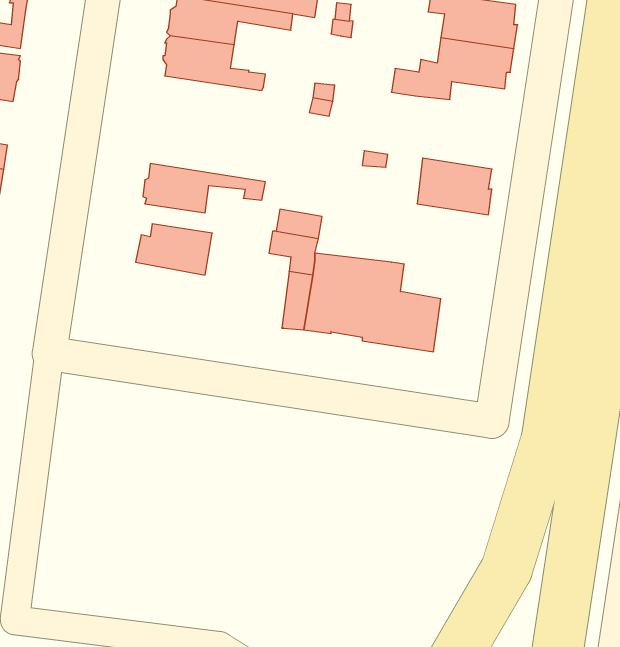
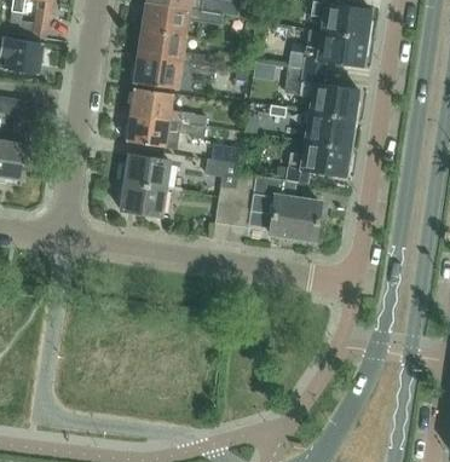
building: none -> [133,56,217,88]
building: none -> [285,67,360,117]
building: none -> [129,87,207,126]
building: none -> [289,140,353,183]
building: none -> [117,179,166,216]

